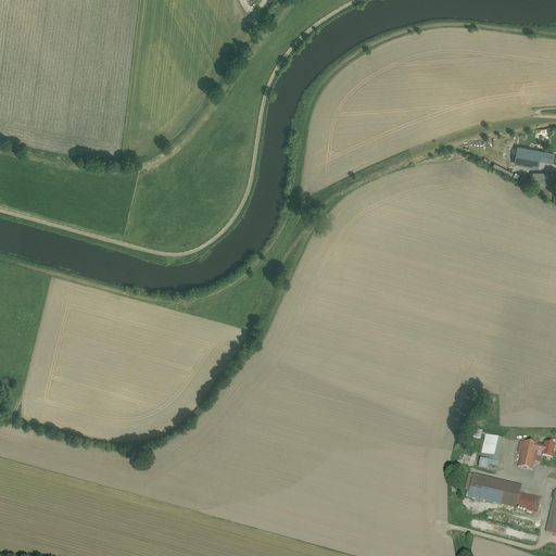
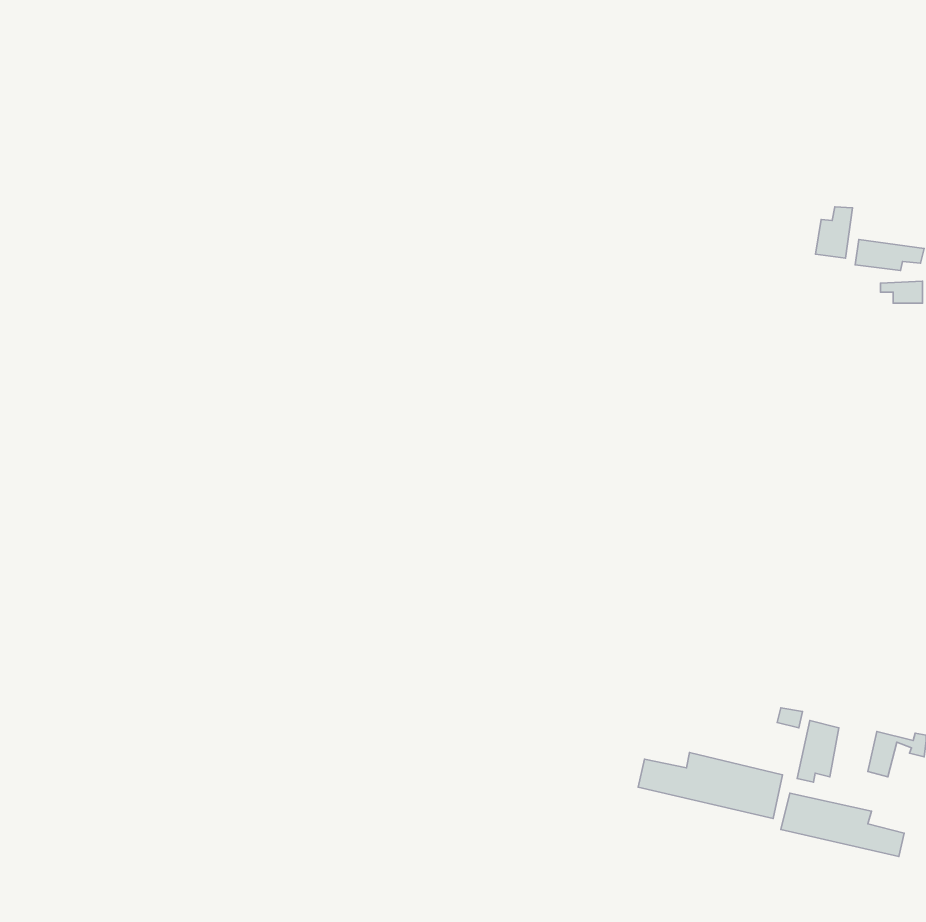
building: none -> [815,207,853,258]
building: none -> [638,752,783,818]

